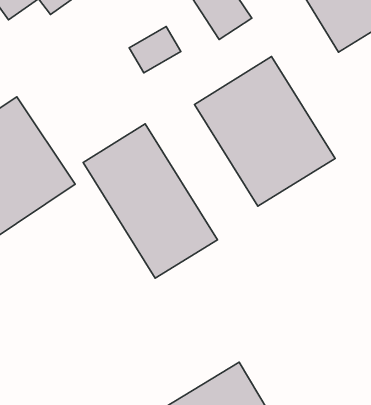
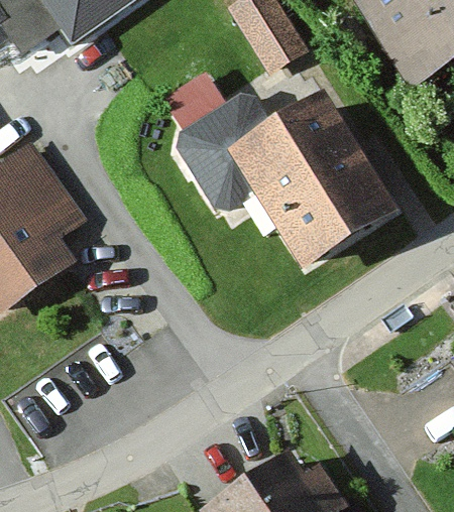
building: none -> [169,90,248,199]
building: [83,124,217,278] -> none

